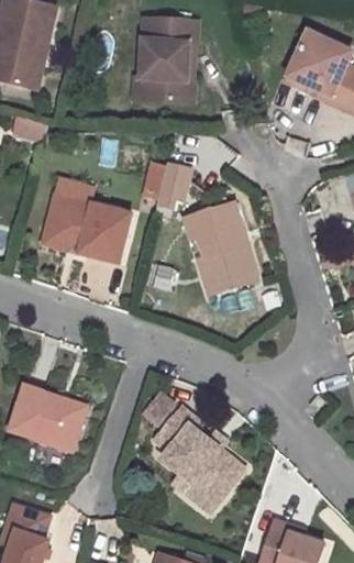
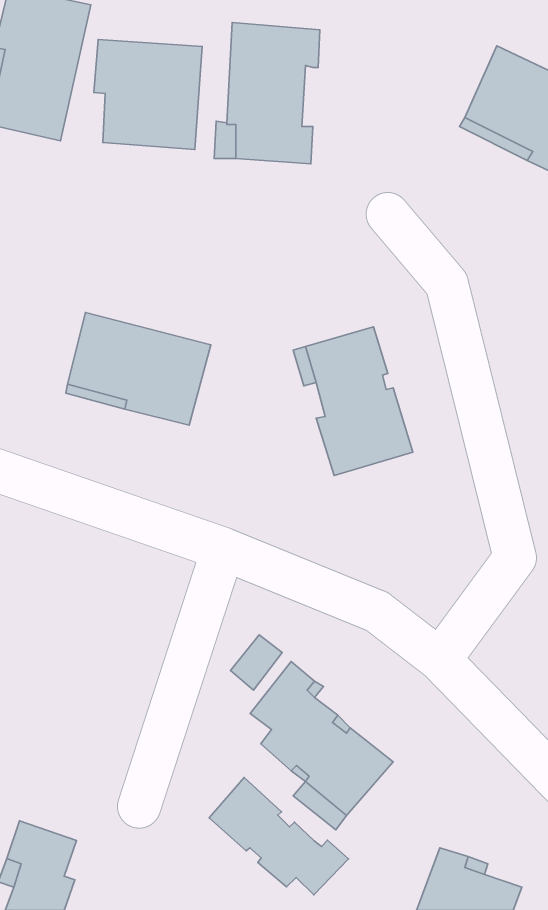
building: none -> [94,40,202,149]
building: [157,162,191,209] -> none
building: [10,384,88,450] -> none
building: none -> [209,777,349,895]

